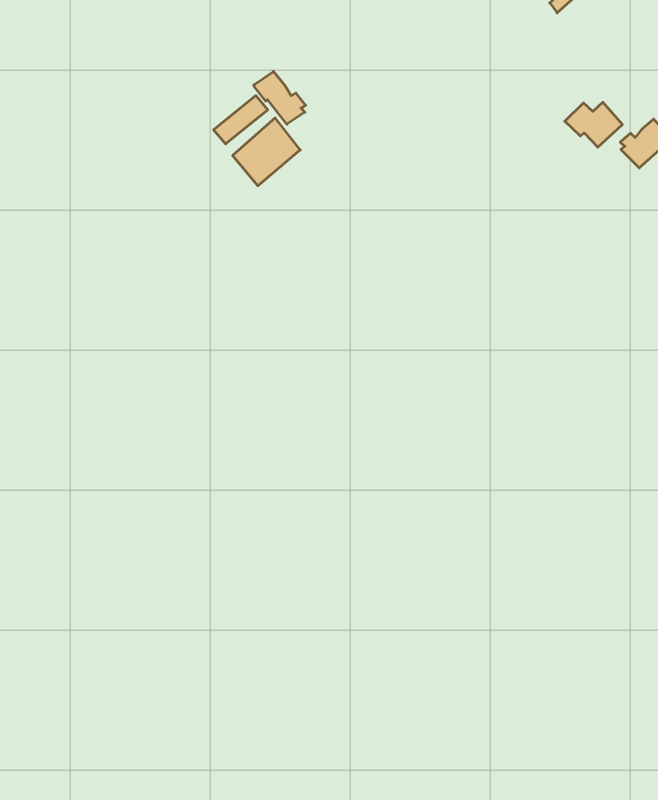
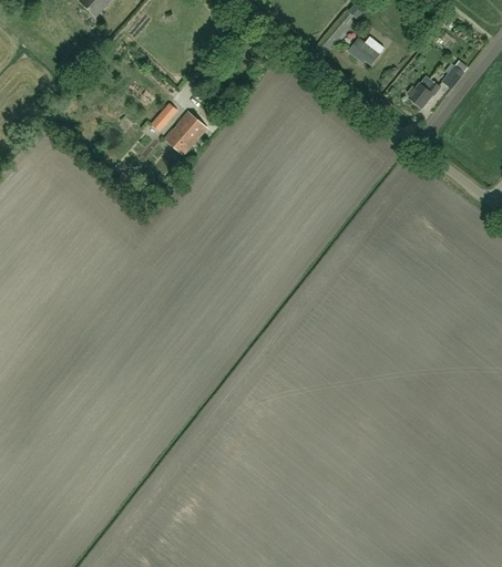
building: [254,71,306,124] -> none
building: [565,102,622,147] -> [347,37,383,65]

